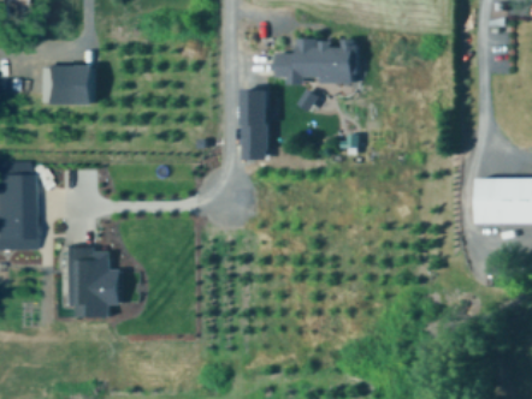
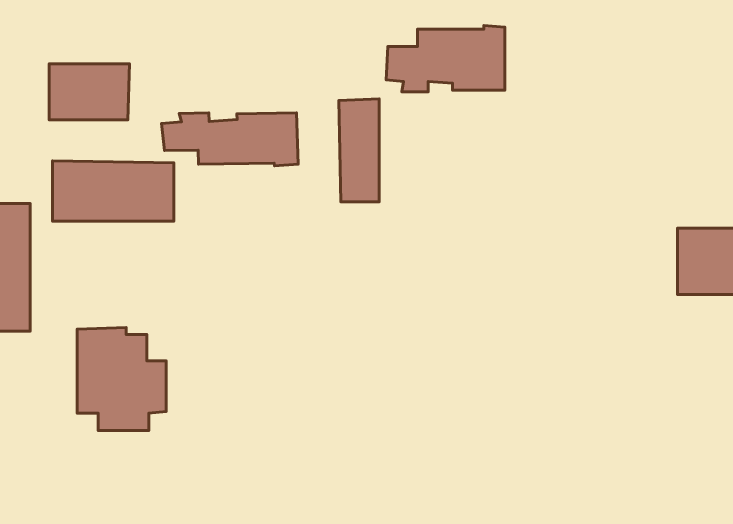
building: none -> [161,113,298,166]
building: none -> [53,161,174,221]

